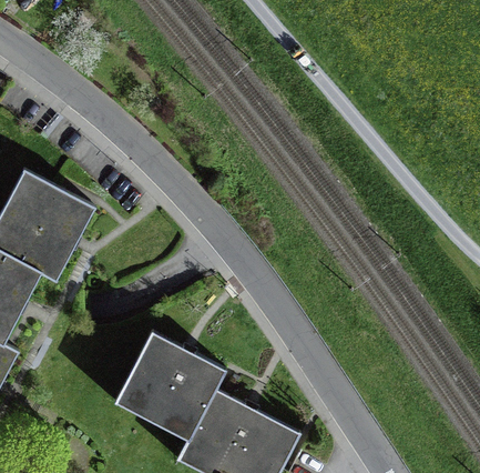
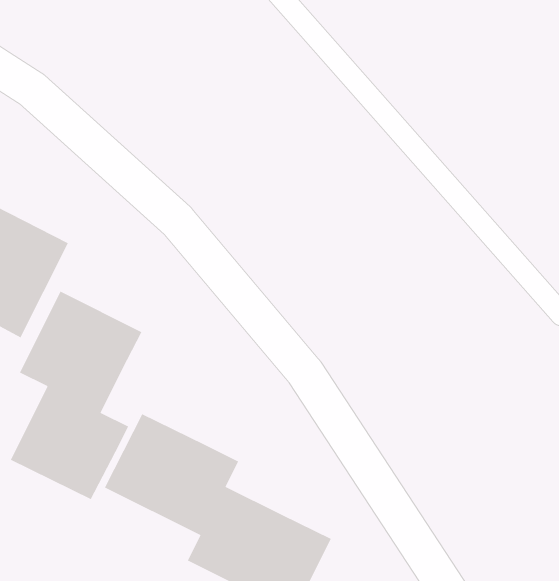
building: none -> [10,290,143,500]

